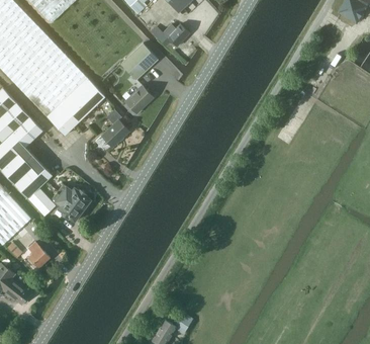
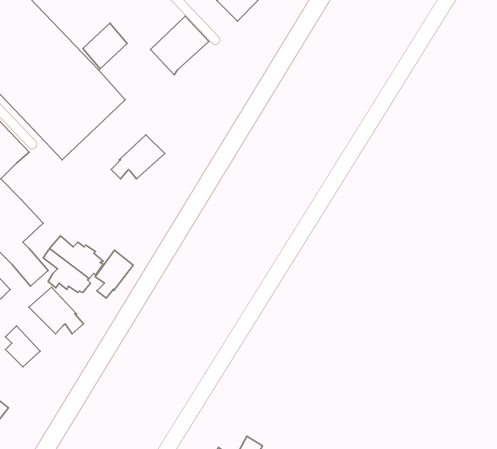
building: [124,84,153,113] -> [83,23,127,69]
building: none -> [95,250,133,298]
building: none -> [29,287,83,334]

